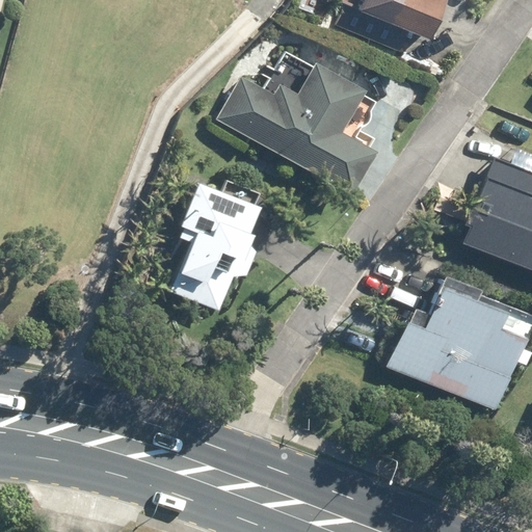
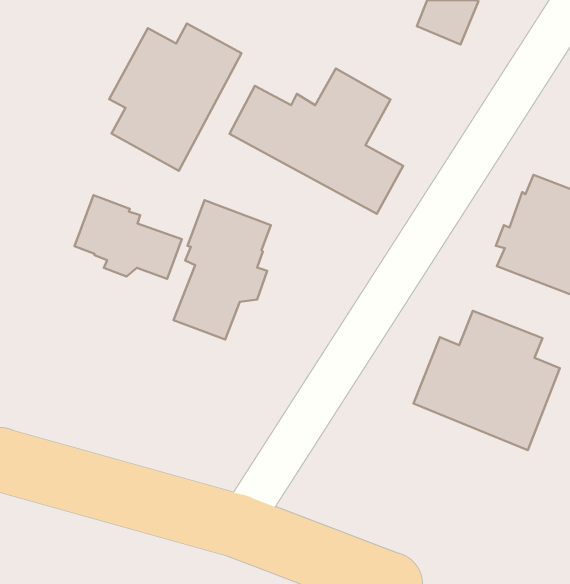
building: none -> [109,23,241,171]
building: none -> [75,195,182,279]

